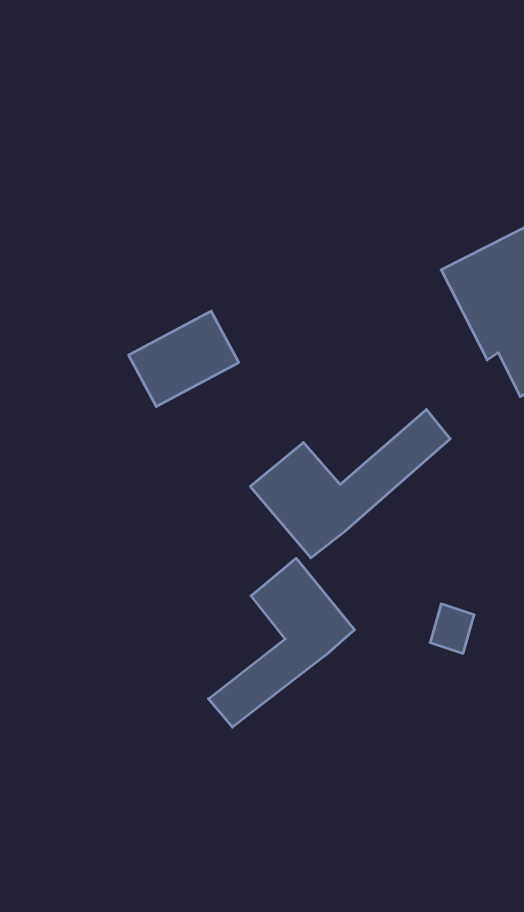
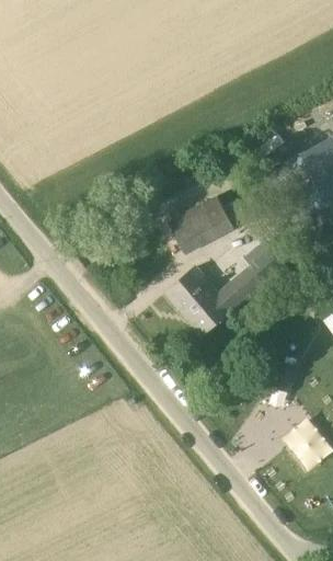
building: [129,311,239,407] -> [166,195,232,252]
building: [208,558,355,727] -> none

